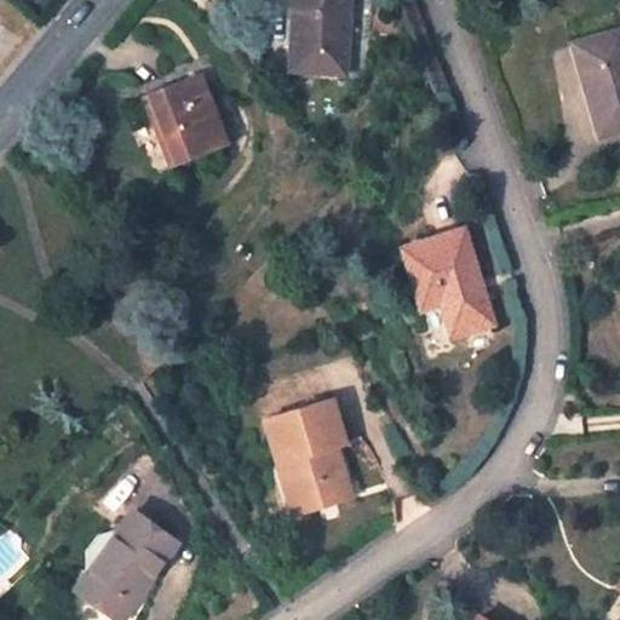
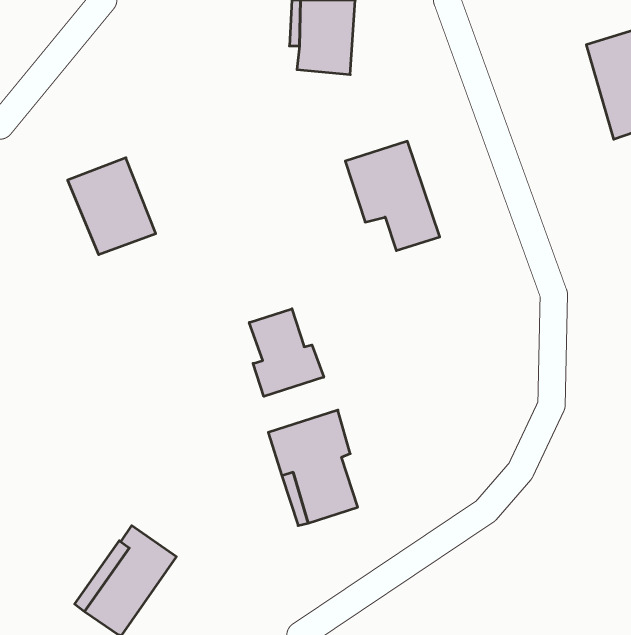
building: [143,74,229,168] -> [68,158,156,255]
building: [403,230,495,337] -> [345,141,440,251]
building: none -> [249,309,324,396]

